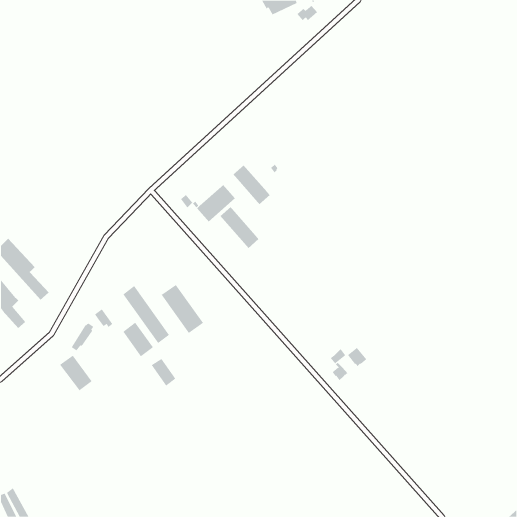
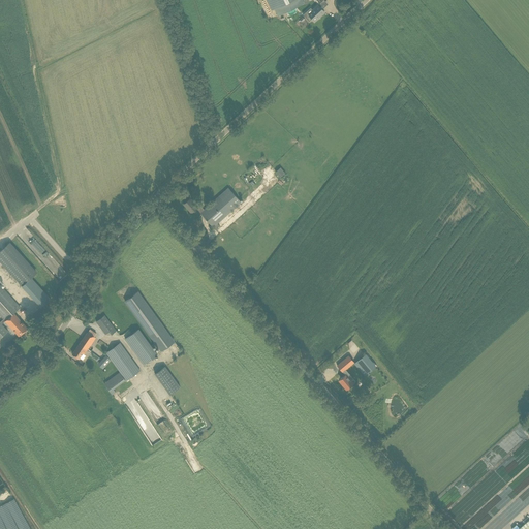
building: [233,164,270,205] -> none
building: [220,206,259,249] -> none
building: [161,284,204,334] -> none
building: [59,355,92,391] -> [105,343,139,380]

